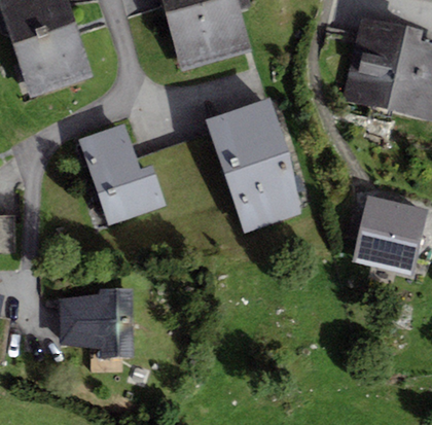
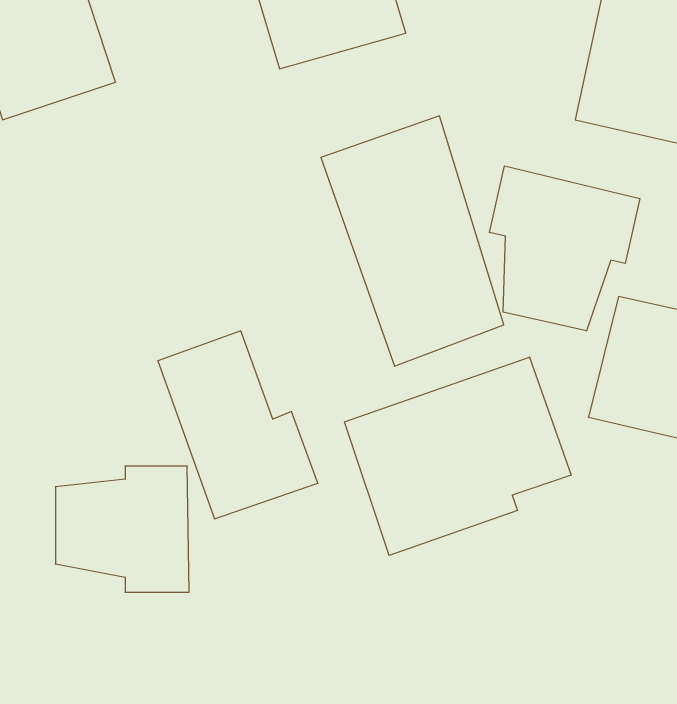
building: [78,122,166,225] -> [158,331,318,519]
building: none -> [489,166,640,331]
building: none -> [345,357,571,555]

